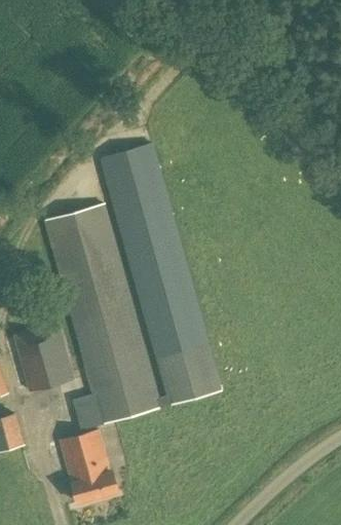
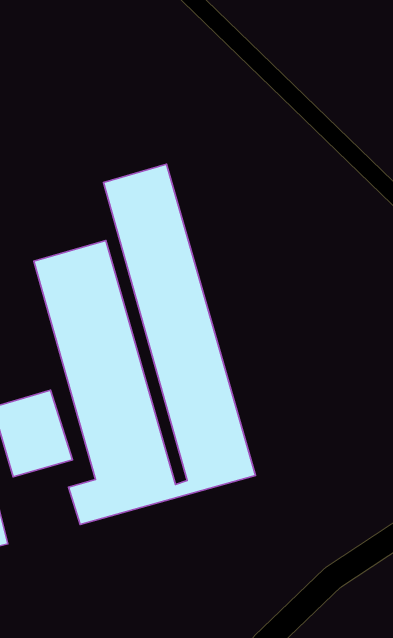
building: [59,430,119,503] -> none

